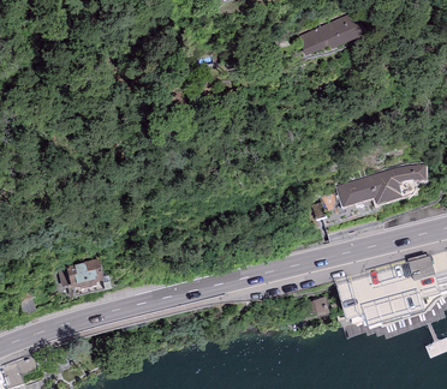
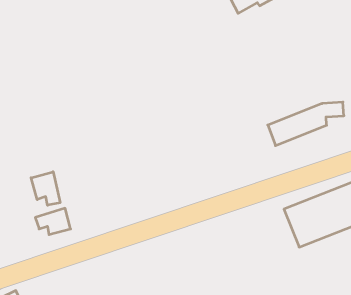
building: none -> [31,172,60,205]

